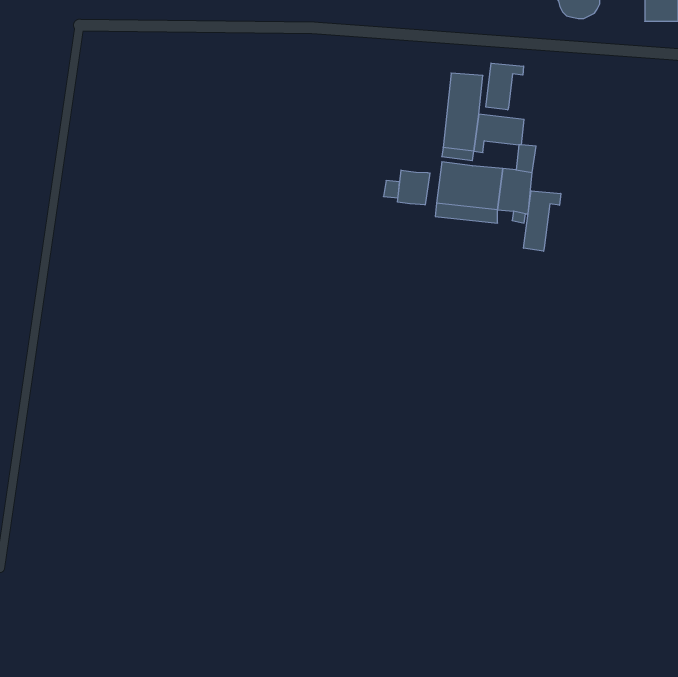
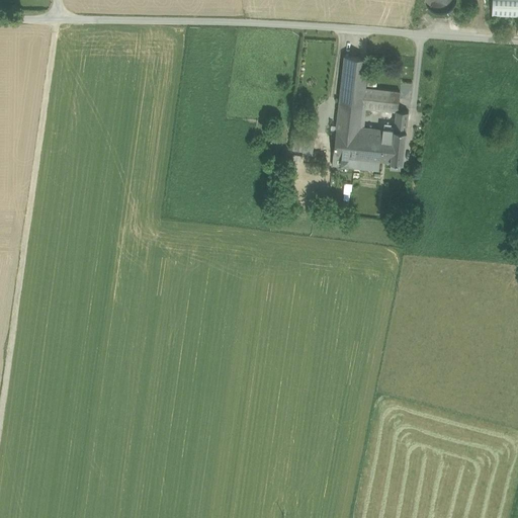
building: [486,63,524,110] -> none
building: [398,170,430,205] -> none
building: [524,191,561,251] -> none

